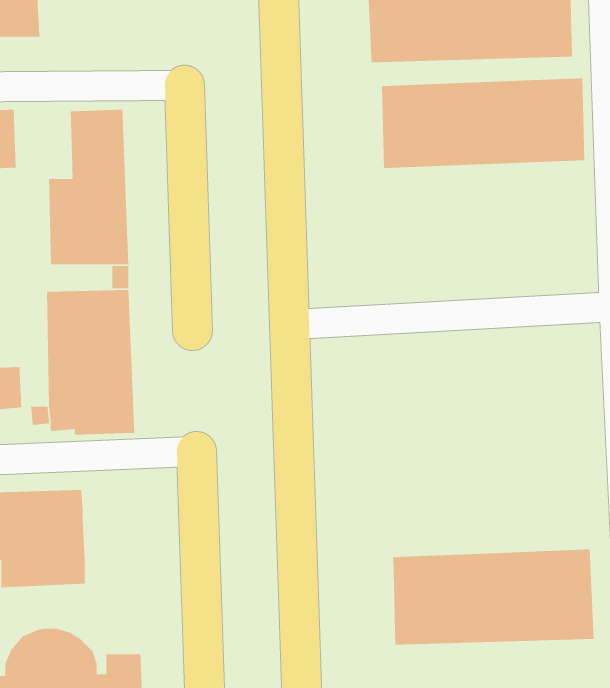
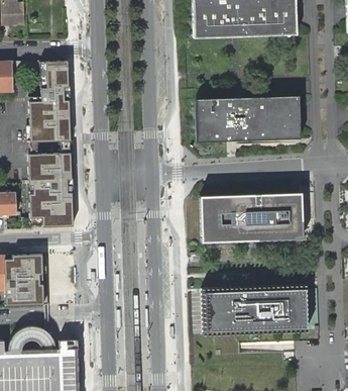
building: [381,78,585,169] -> [195,95,299,141]
building: none -> [204,193,302,242]

